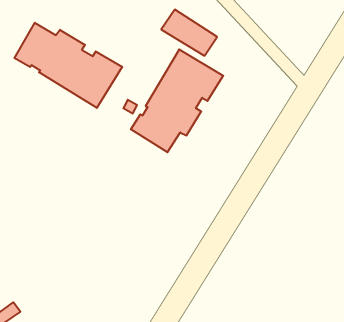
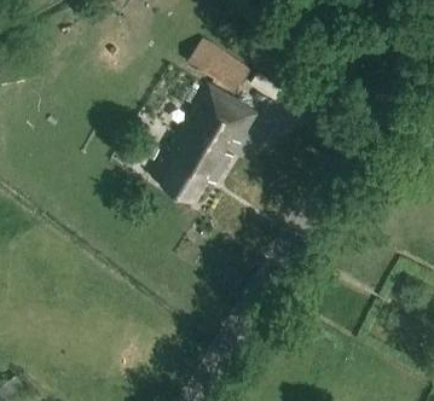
building: [14,23,122,108] -> none

